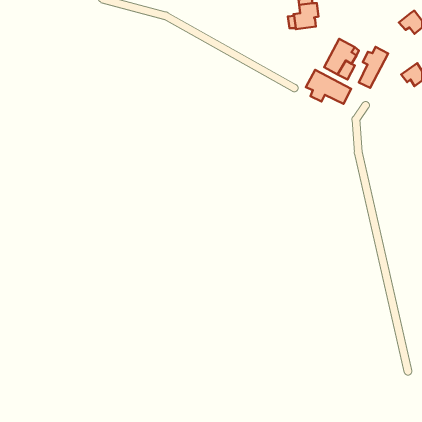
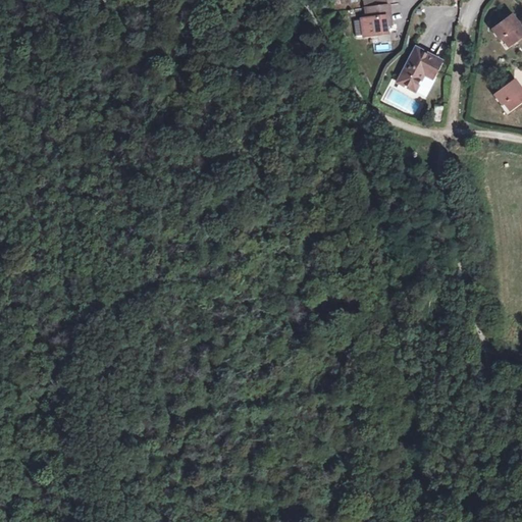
building: [359,47,388,88] -> none
building: [306,70,351,104] -> none

